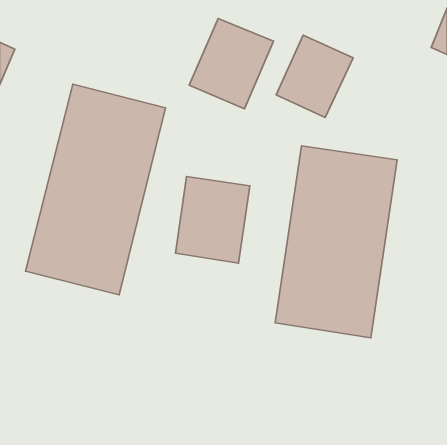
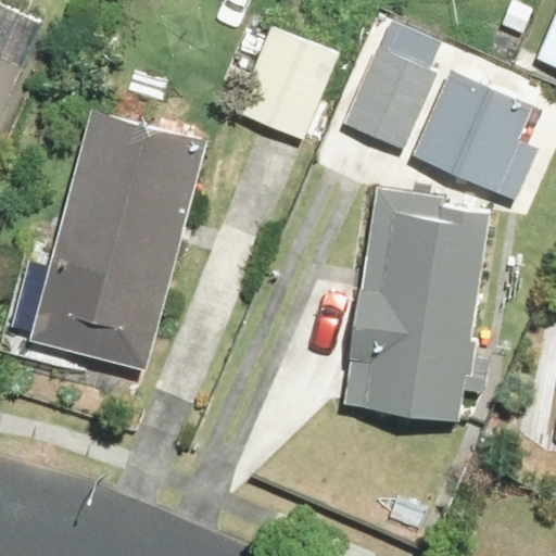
building: none -> [410,71,538,201]
building: [176,177,250,263] -> none

